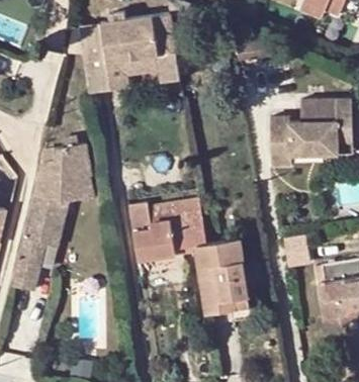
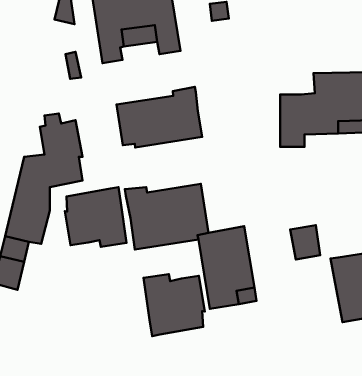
building: none -> [117,87,202,148]
building: none -> [65,187,127,247]
building: none -> [144,274,205,336]

